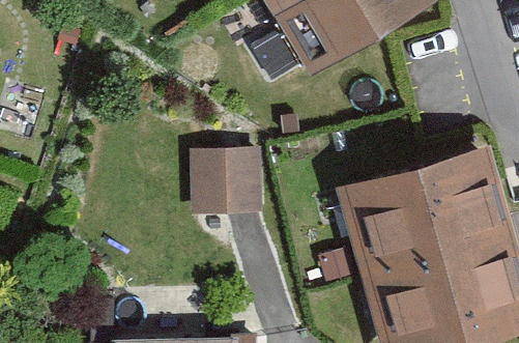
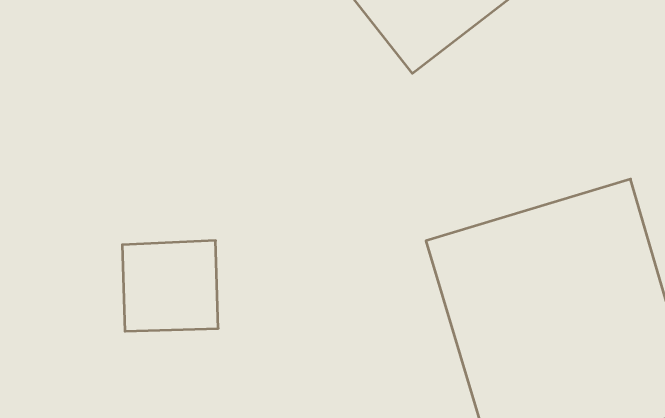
building: [182,160,255,228] -> [122,241,218,331]

